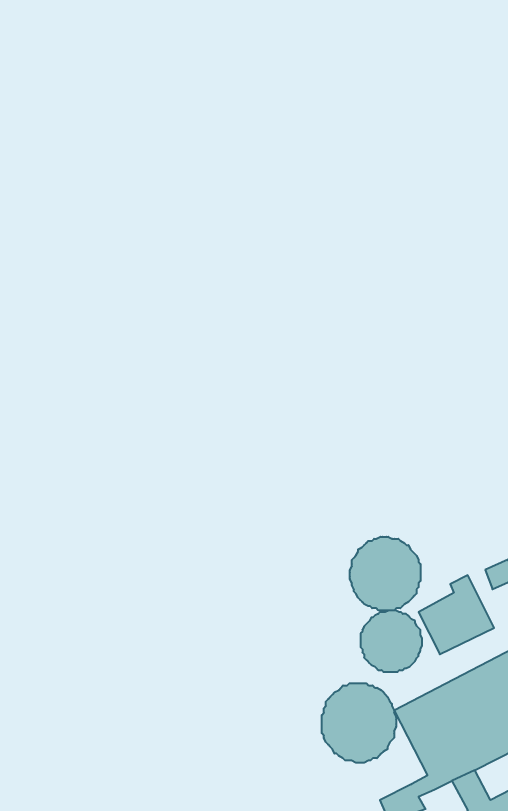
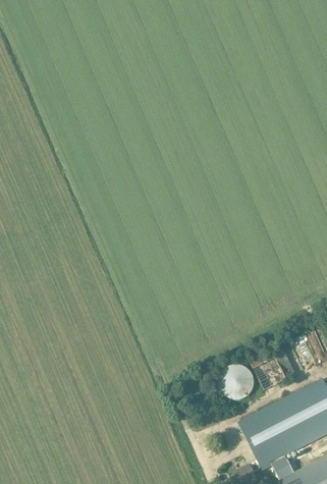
building: [350,537,421,610] -> none
building: [322,683,396,763] -> none

